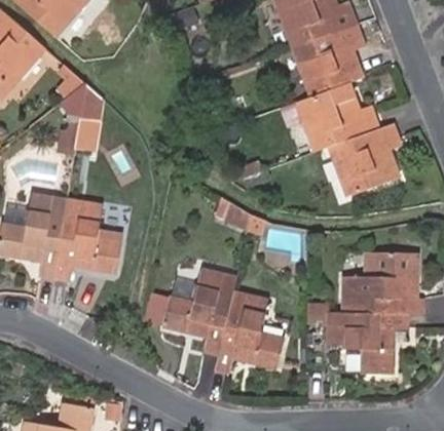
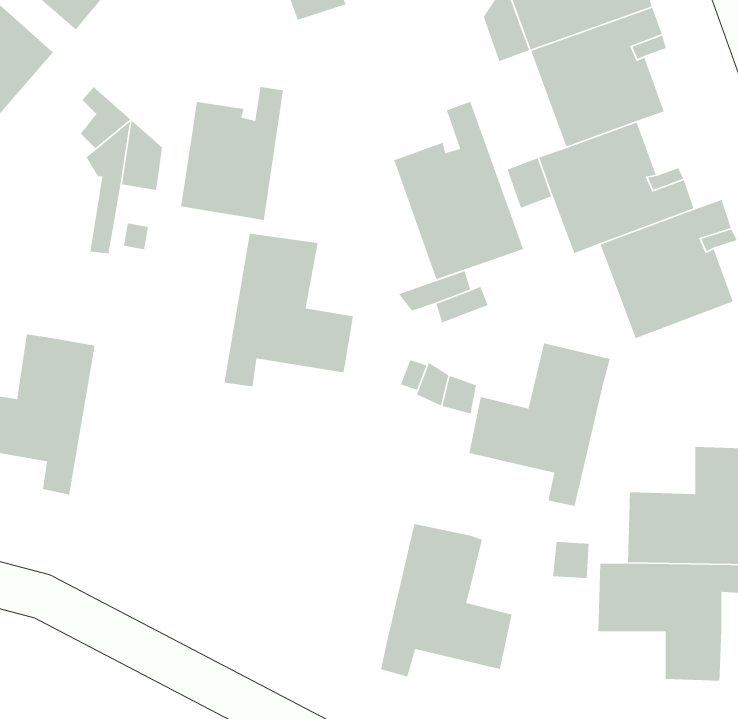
building: none -> [180,86,284,221]
building: none -> [393,101,524,280]
building: [53,200,121,280] -> [224,233,354,387]
building: [162,269,236,354] -> [468,343,611,507]

